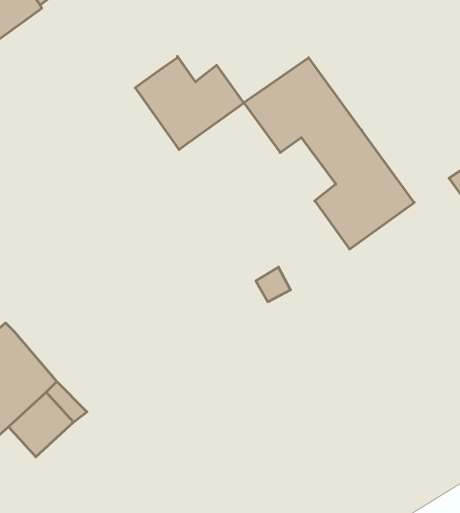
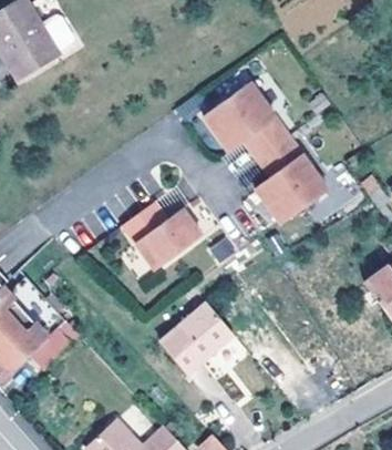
building: [135,56,244,150] -> [124,200,204,268]
building: none -> [162,304,234,377]

